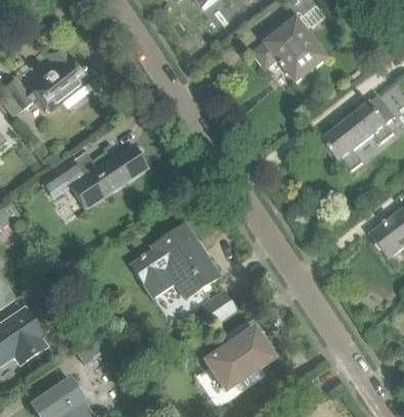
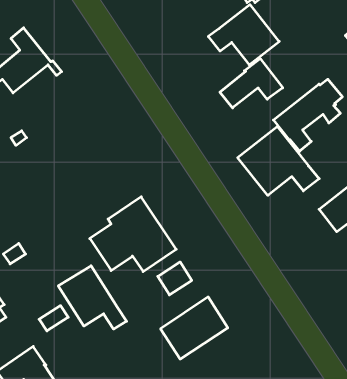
building: none -> [220,59,283,108]
building: [39,142,148,209] -> none
building: none -> [238,127,319,195]
building: none -> [58,266,127,329]

